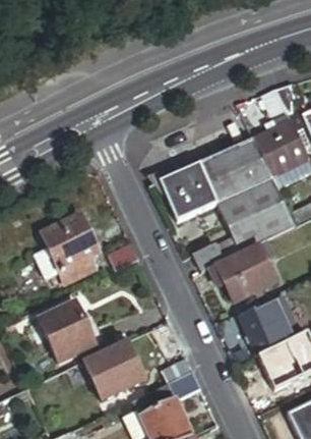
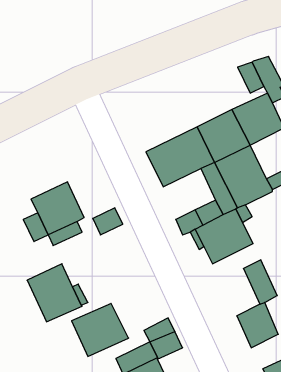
building: [240,307,283,356] -> none

